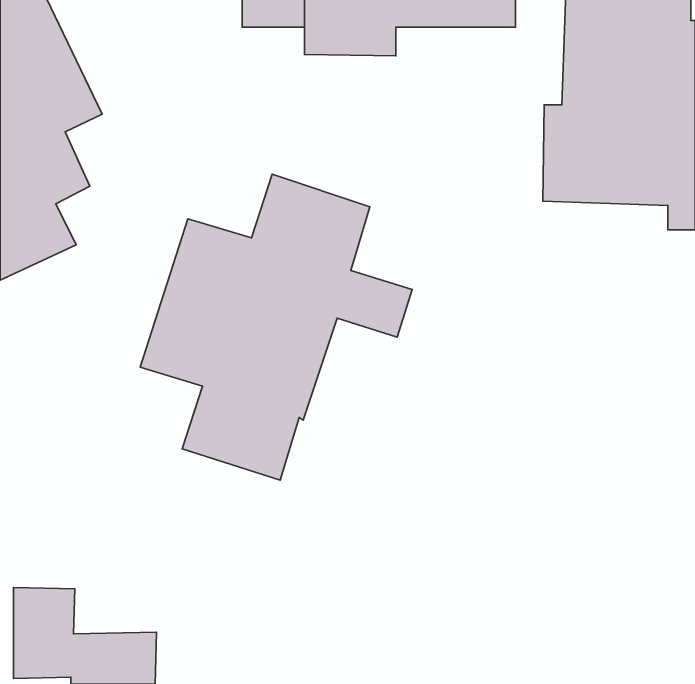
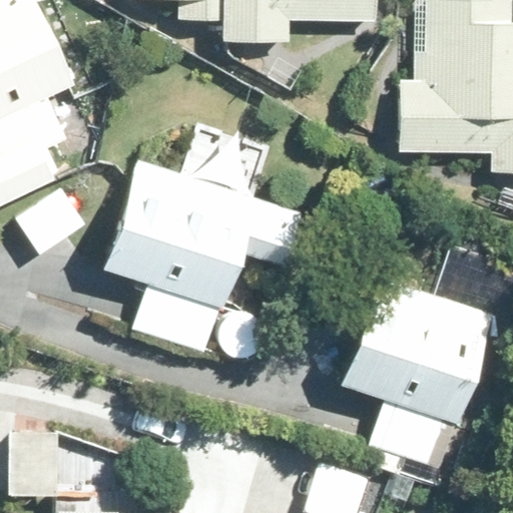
building: none -> [343,274,494,469]

